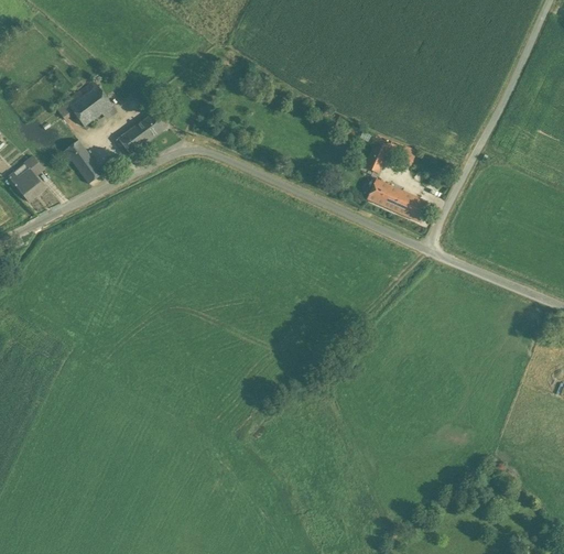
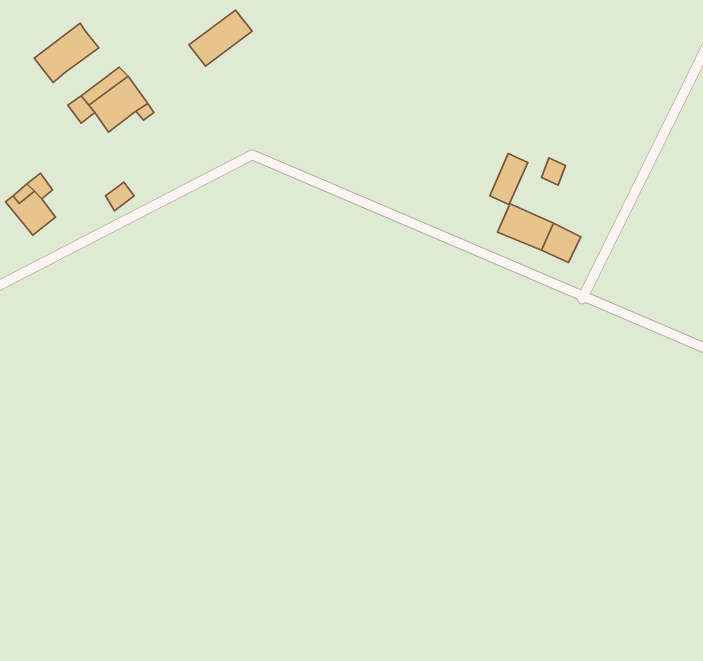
building: none -> [34,23,99,83]
building: [118,113,164,154] -> [189,10,252,66]
building: [64,140,95,173] -> none

